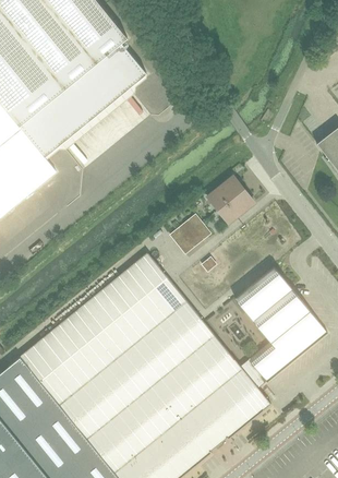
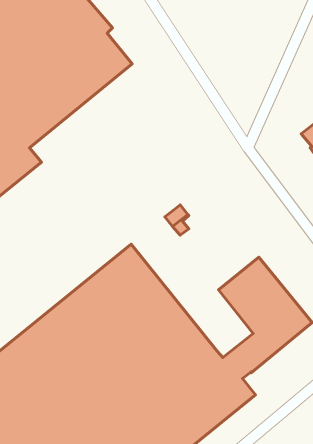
building: [207,179,252,224] -> none

